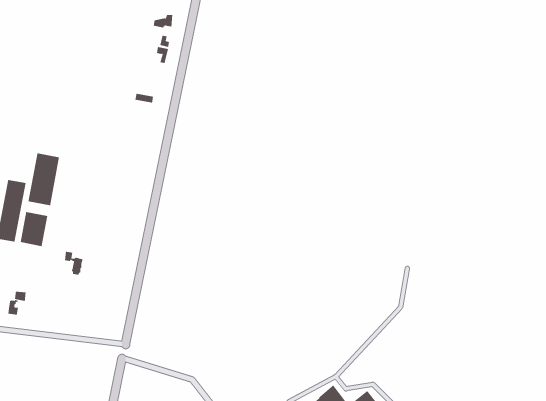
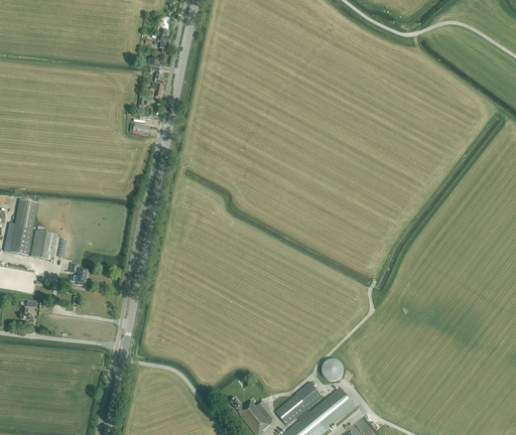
building: [28,152,60,206] -> none
building: none -> [320,357,343,381]

